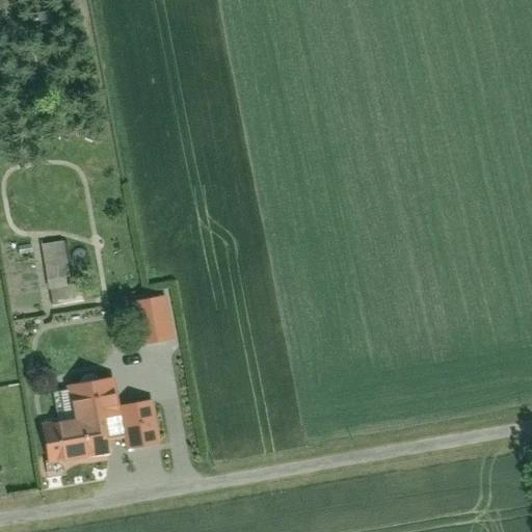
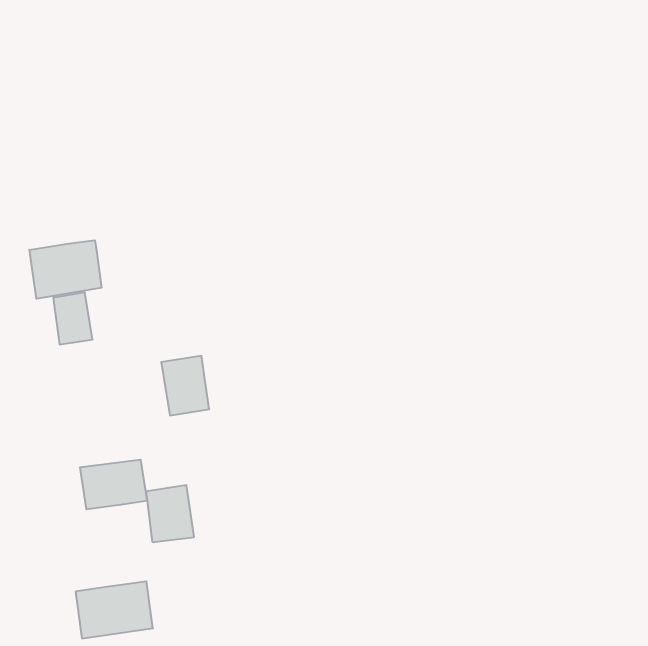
building: none -> [29,240,101,299]
building: [43,415,106,461] -> [76,581,153,638]

